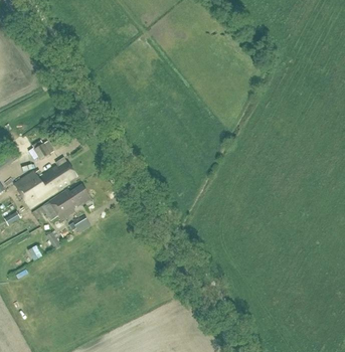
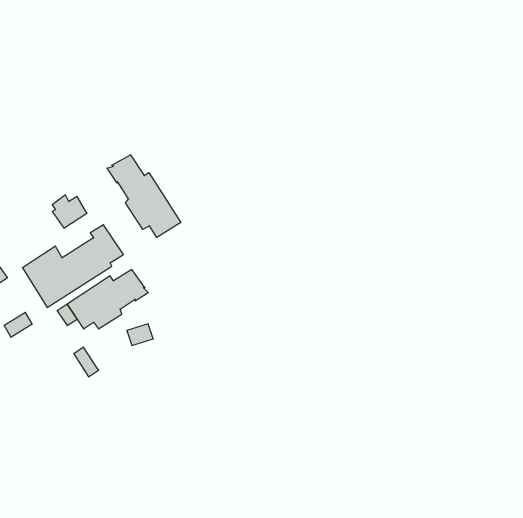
building: none -> [107,155,181,237]

